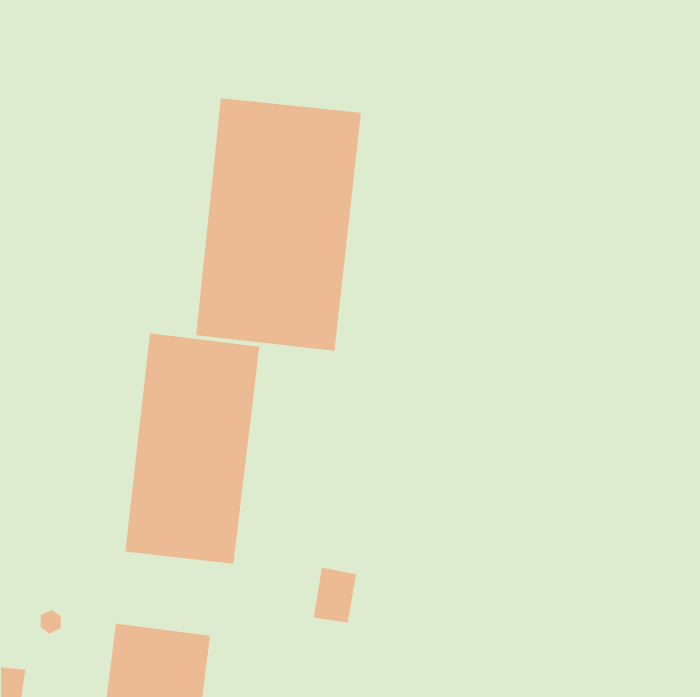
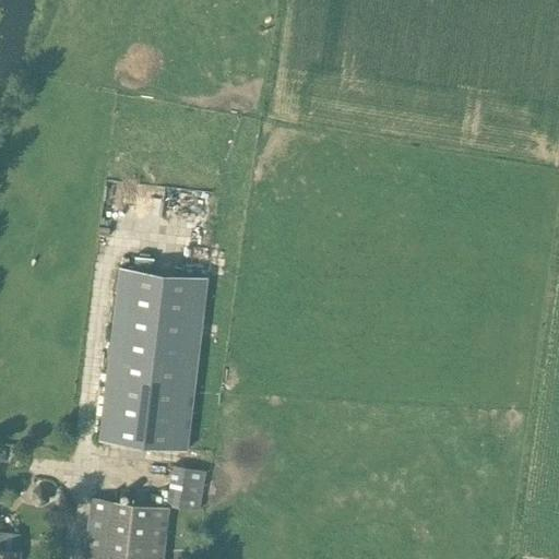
building: [196,97,362,352] -> none
building: [313,567,357,623] -> [171,468,206,513]

